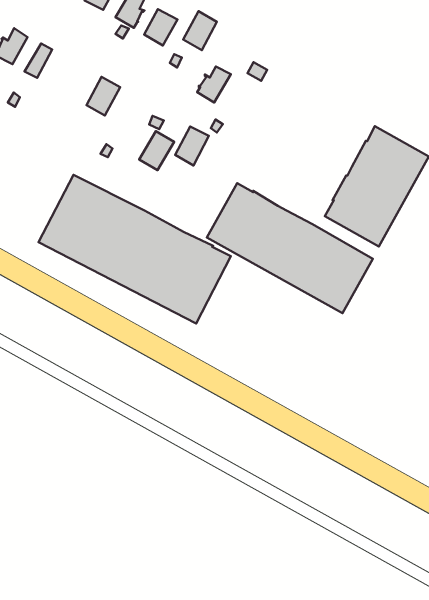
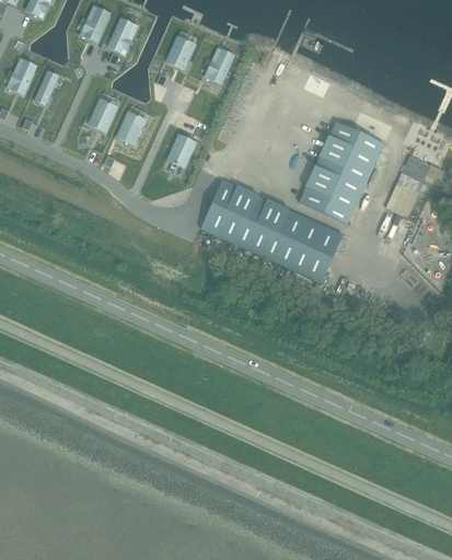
building: [144,9,178,45] -> none
building: [197,67,231,102] -> [205,54,232,84]
building: [139,131,174,170] -> [116,112,144,144]
building: [39,175,231,323] -> none

